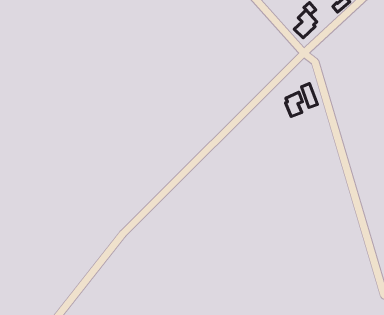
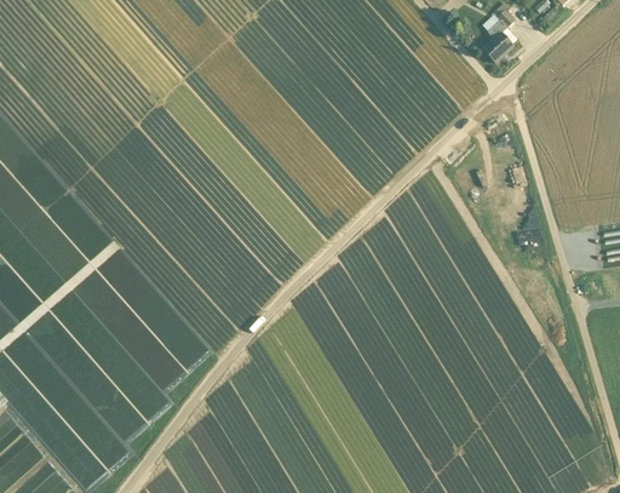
building: [285,92,303,117] -> none

